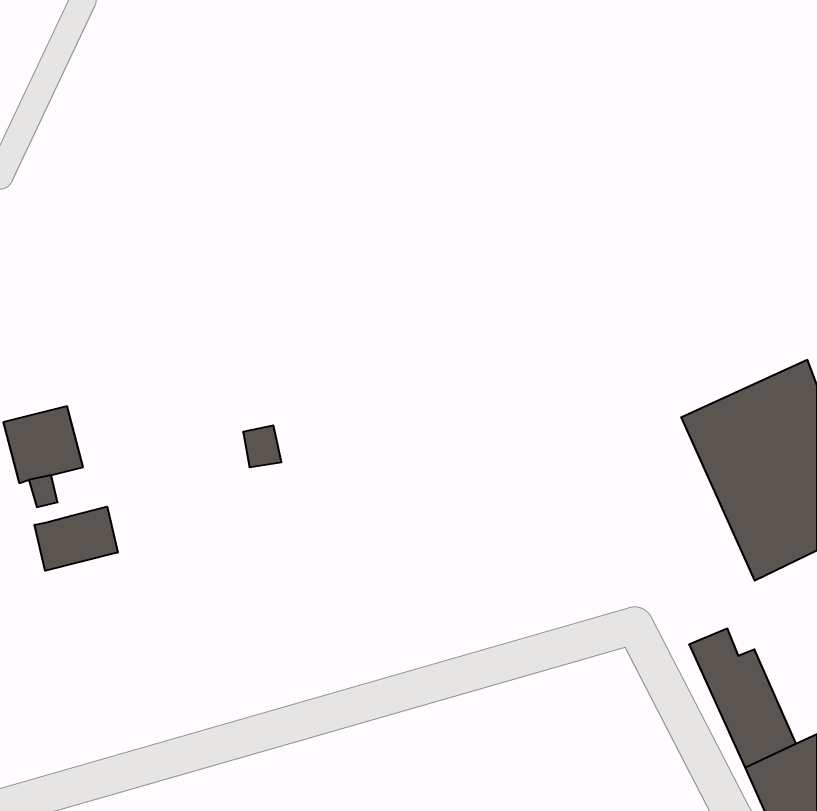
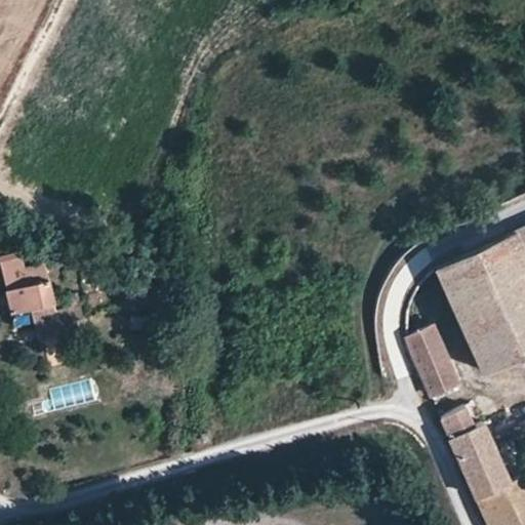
building: none -> [407,327,458,396]
building: [35,507,118,571] -> none

